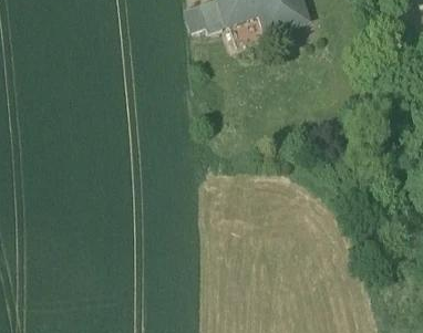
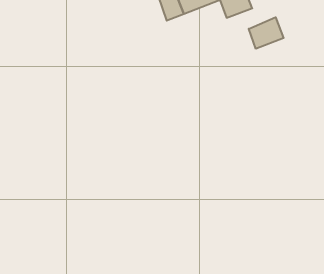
building: none -> [249,17,284,49]

